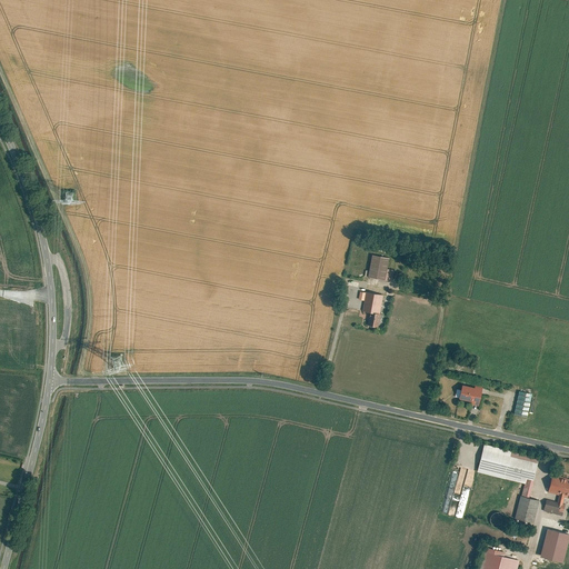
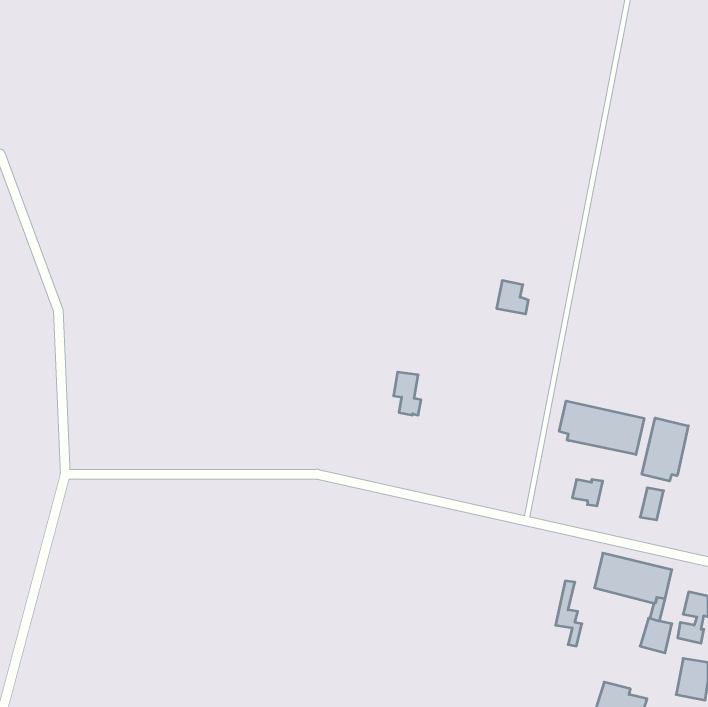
building: [368,256,393,282] -> [497,281,528,314]
building: [362,293,385,328] -> [393,372,421,415]
building: none -> [559,401,644,455]
building: none -> [642,418,688,481]

